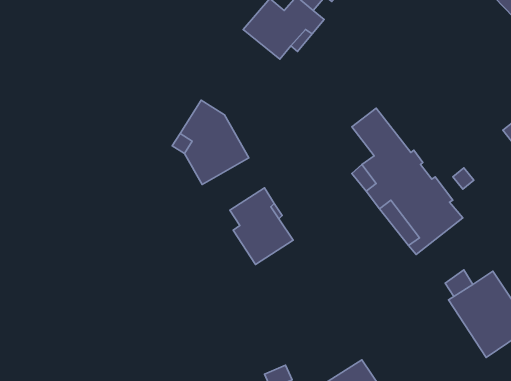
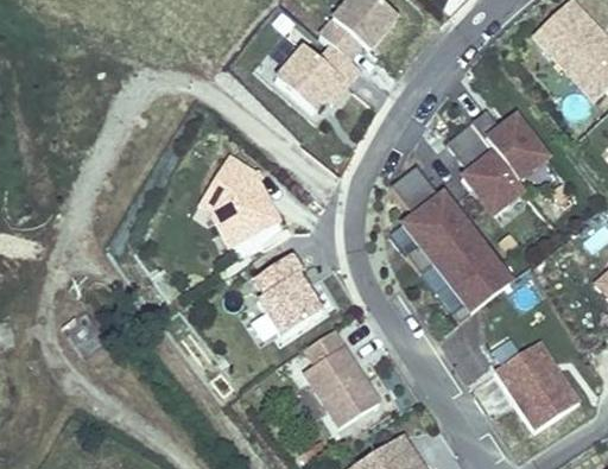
building: none -> [446,108,550,211]
building: none -> [303,329,379,426]

